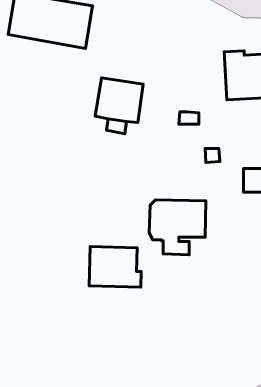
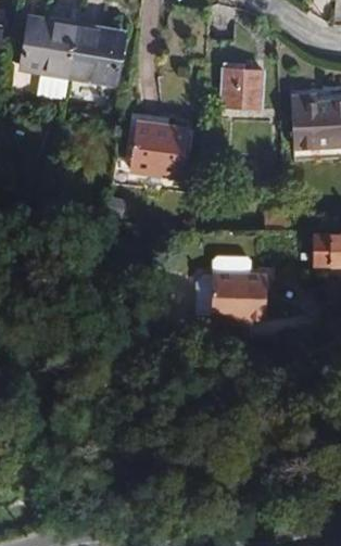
building: none -> [222,69,264,109]
building: [89,246,141,287] -> none

